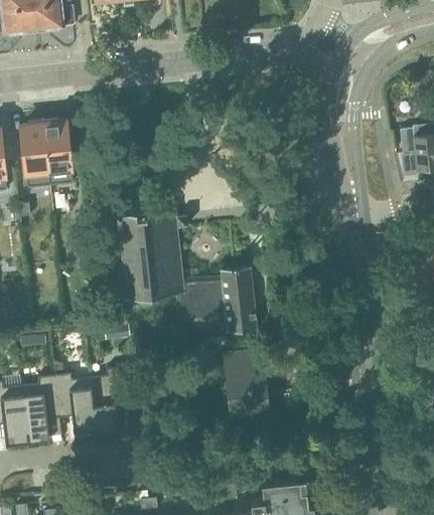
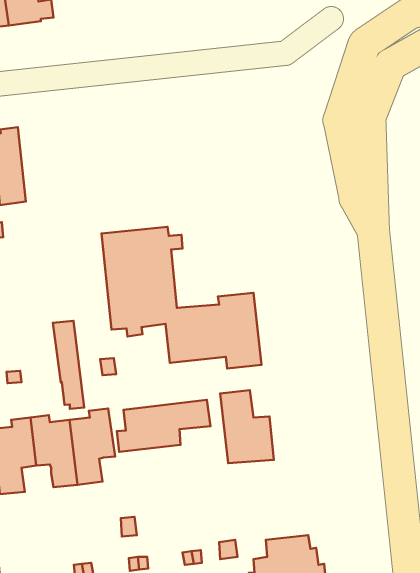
building: [44,119,75,185] -> none
building: none -> [53,321,84,409]
building: none -> [117,400,210,452]

